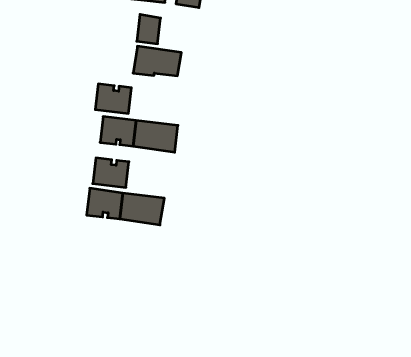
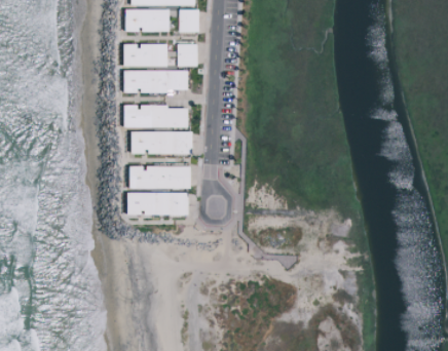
building: none -> [123,43,151,66]
building: none -> [178,44,198,67]
building: none -> [122,70,152,92]
building: none -> [151,105,189,128]
building: none -> [156,166,191,189]

